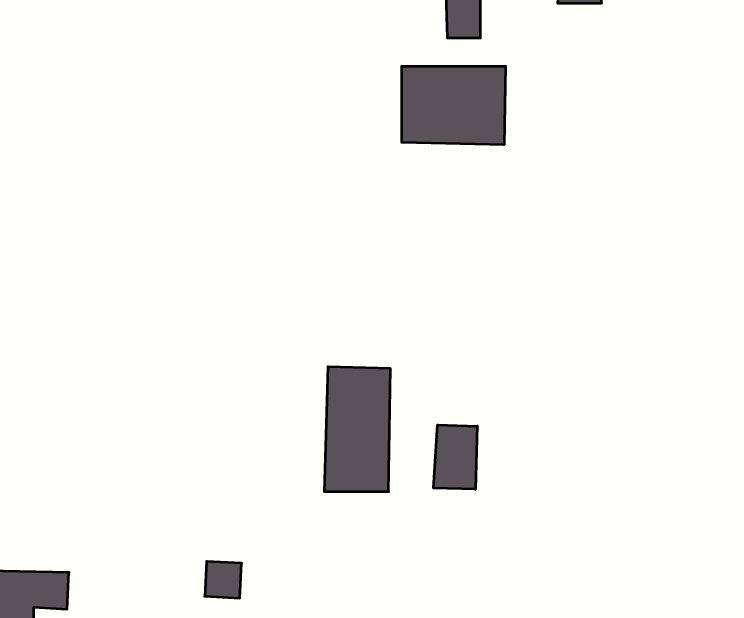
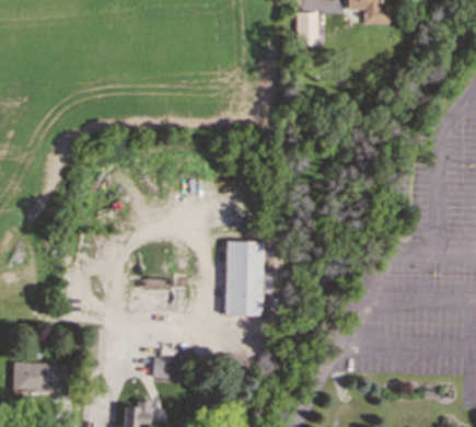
building: [402,66,506,145] -> none
building: [434,425,477,489] -> none

